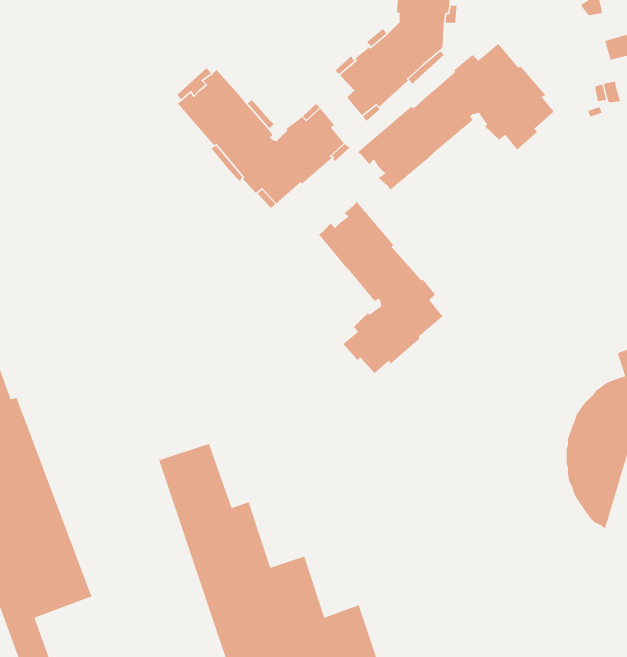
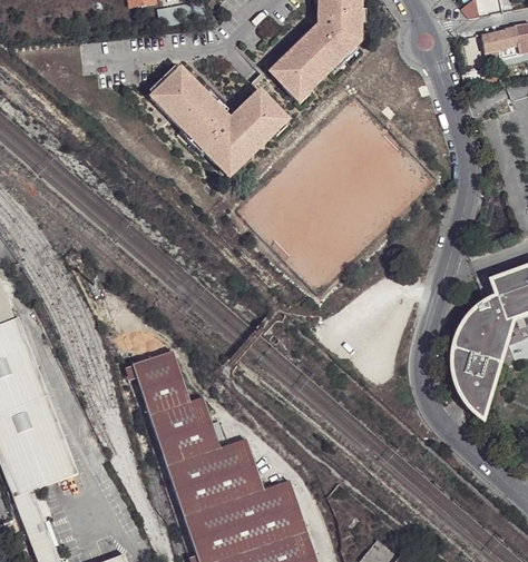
building: [357,43,555,191] -> none
building: [318,201,444,374] -> none

